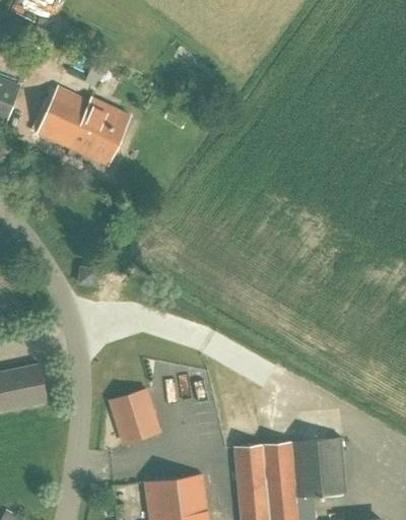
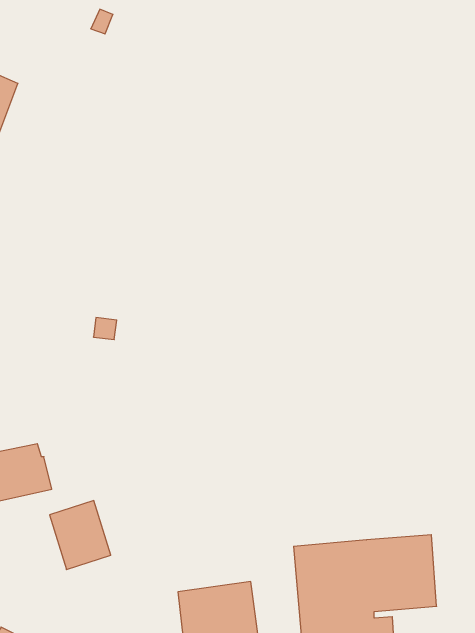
building: [37,88,130,167] -> none
building: [111,389,158,443] -> [50,501,111,570]

